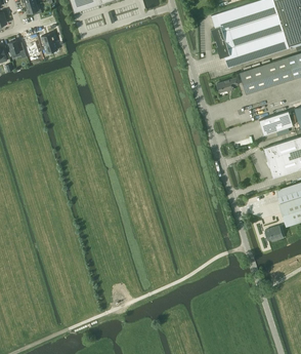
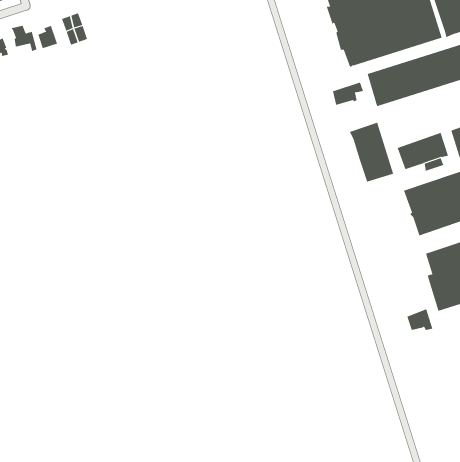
building: none -> [349,122,394,183]

